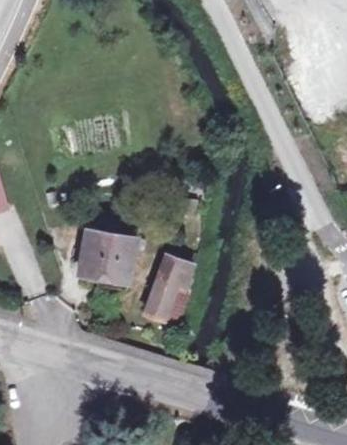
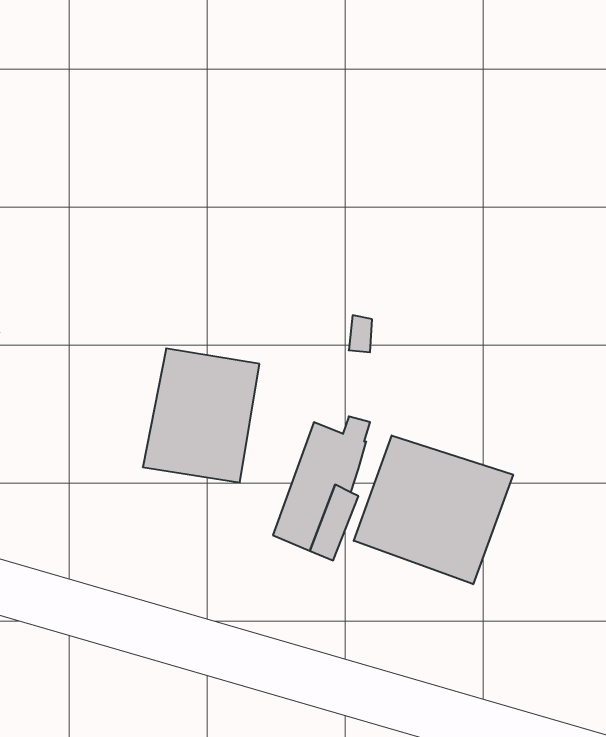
building: none -> [354,435,513,584]

